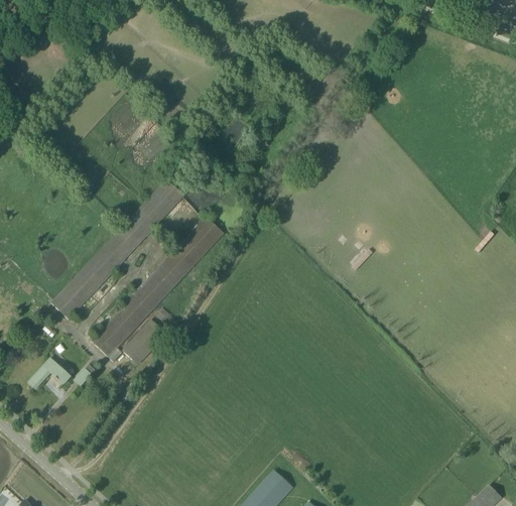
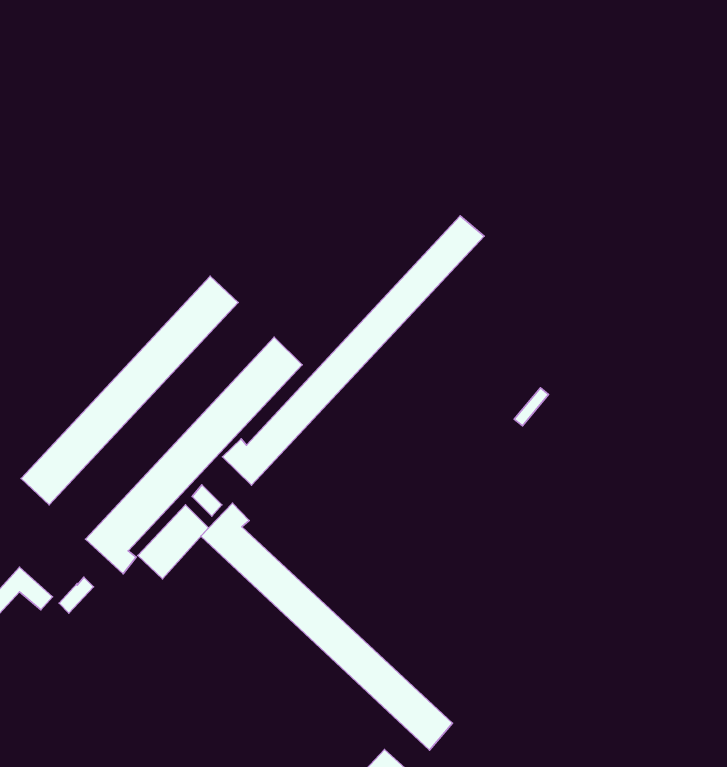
building: none -> [222,216,484,485]
building: none -> [201,503,453,750]

